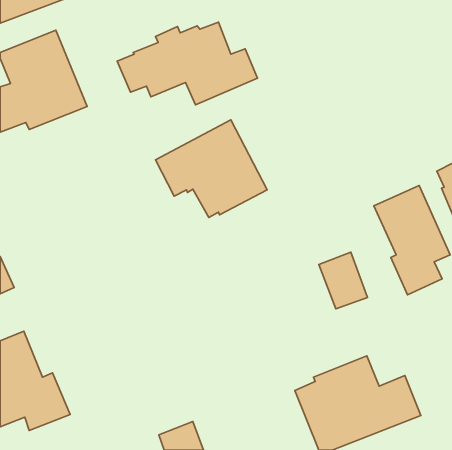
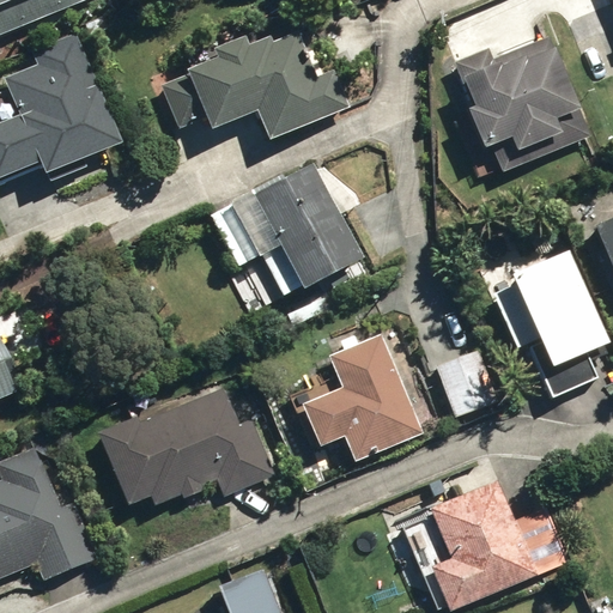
building: none -> [457,32,597,166]
building: none -> [299,334,423,463]
building: none -> [93,384,275,506]

